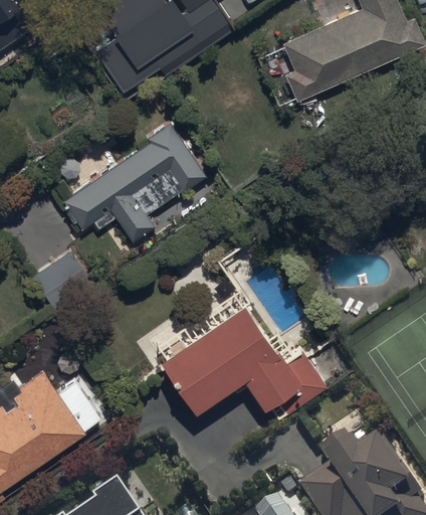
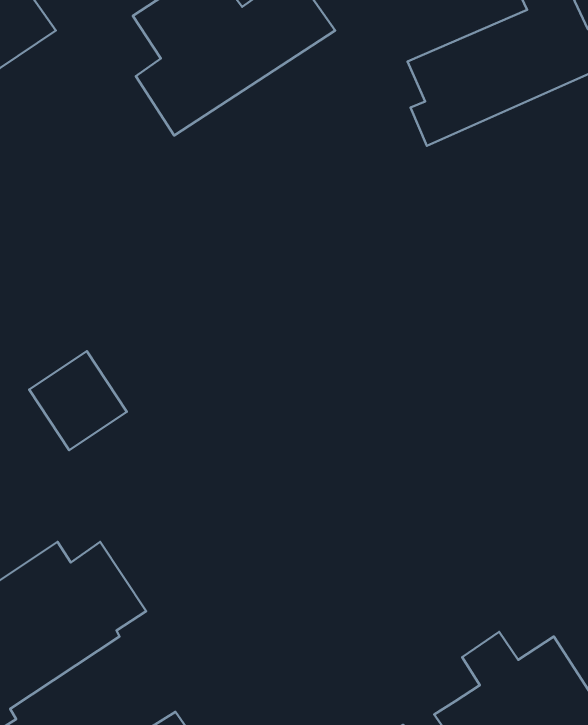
building: [57,124,206,245] -> none
building: [160,305,328,421] -> none

